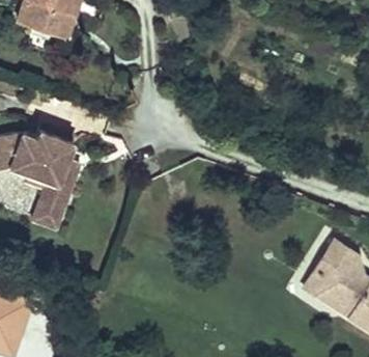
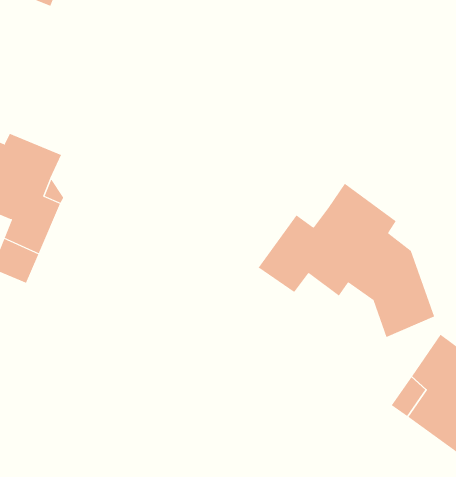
building: none -> [258,183,435,338]

